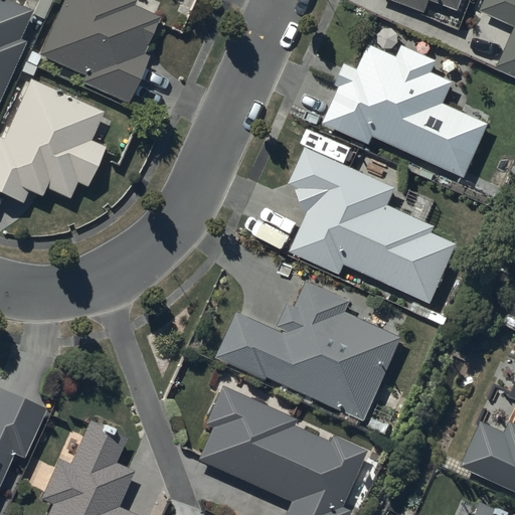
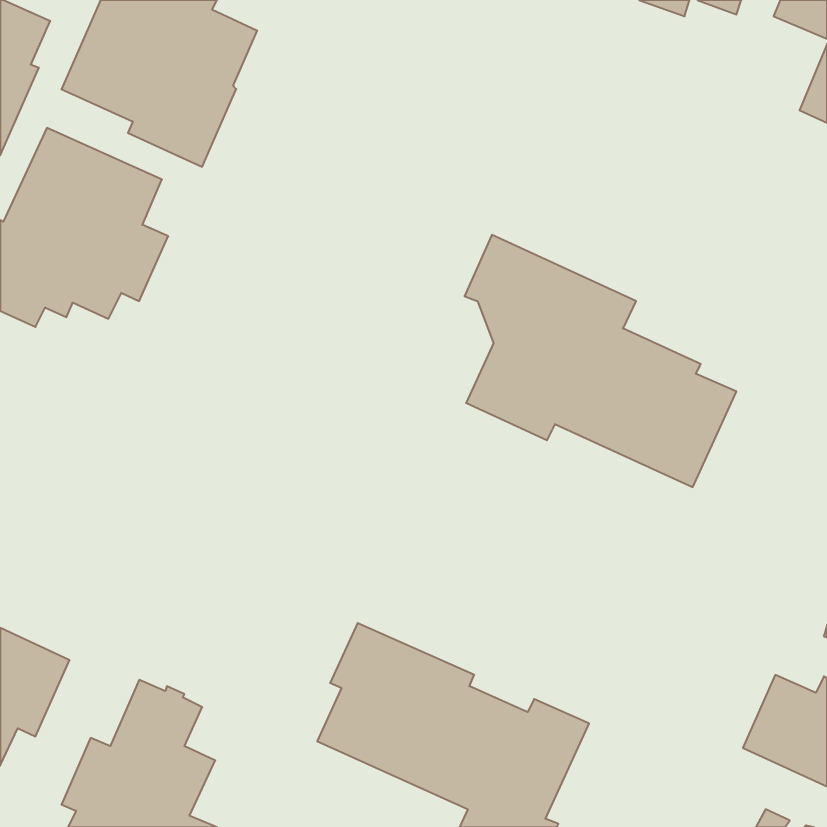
building: [322,45,490,178] -> none
building: [217,281,402,419] -> none

